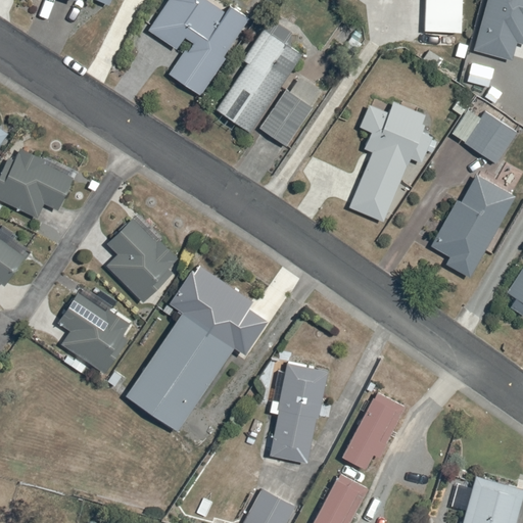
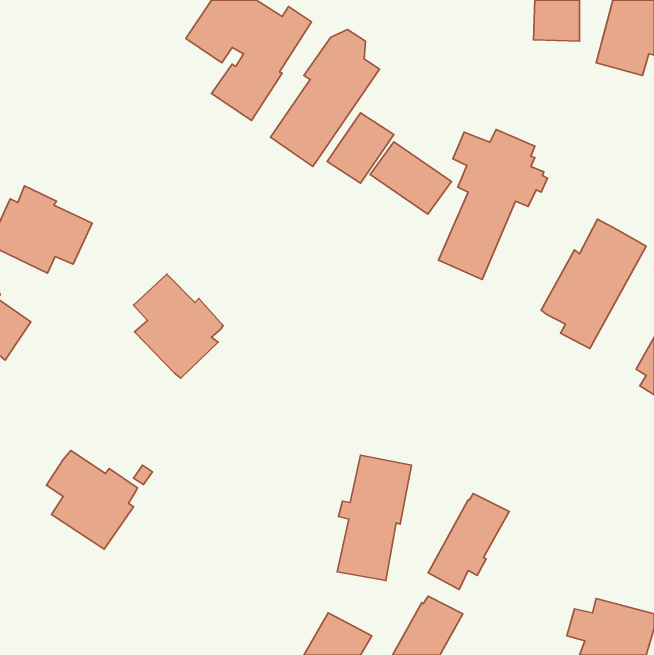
building: [464,112,516,164] -> none
building: none -> [370,142,452,214]
building: [127,266,268,432] -> none
building: [58,294,131,373] -> [46,450,137,549]

